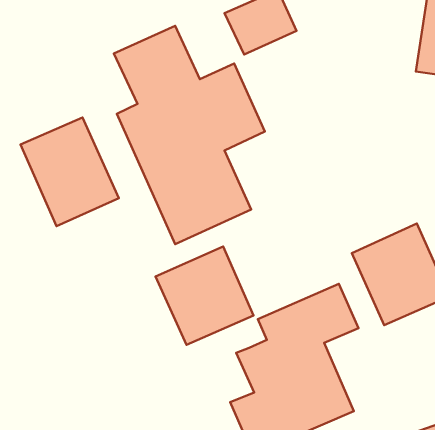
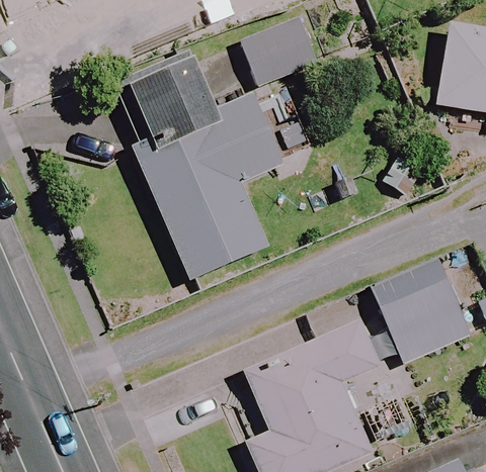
building: [21,118,119,226] -> none
building: [155,246,253,345] -> none

